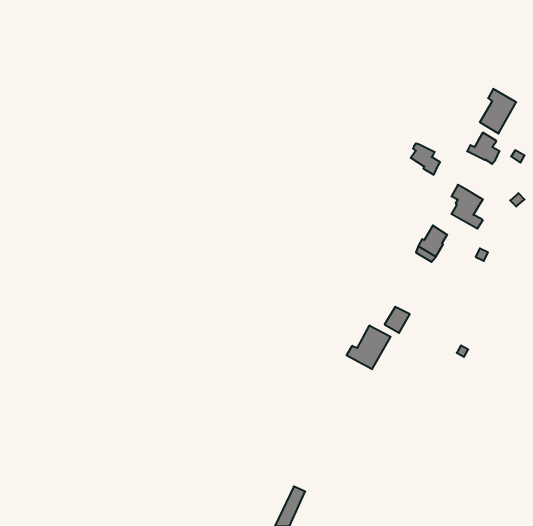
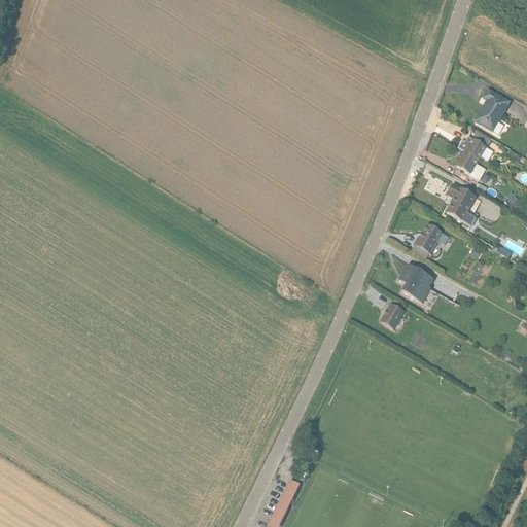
building: [411,143,440,175] -> [456,149,485,180]
building: none -> [397,261,433,302]
building: [347,325,391,369] -> none

